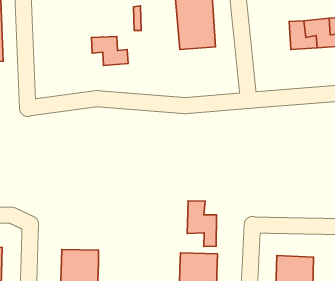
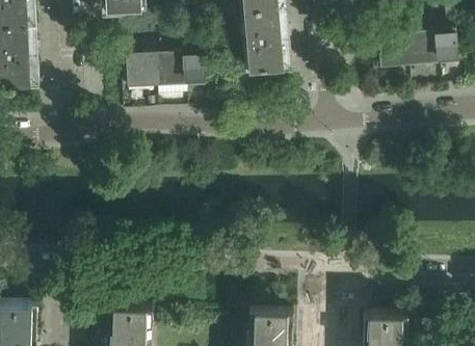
building: none -> [171,49,204,83]
building: none -> [124,52,156,86]
building: [187,201,216,246] -> none

